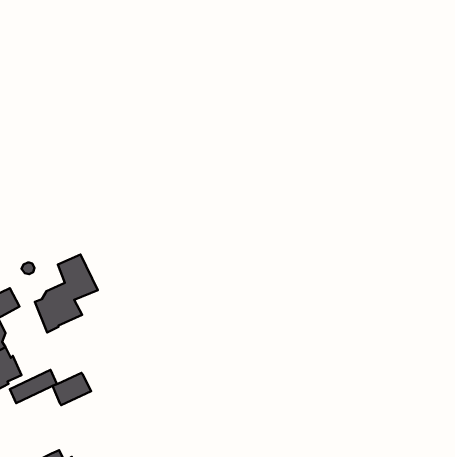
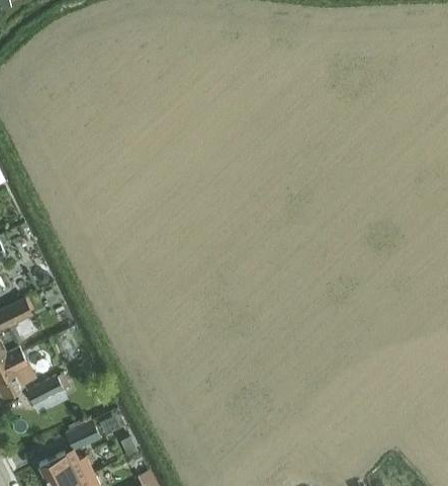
building: [35,254,98,332] -> none
building: [52,373,91,405] -> [65,421,101,452]

